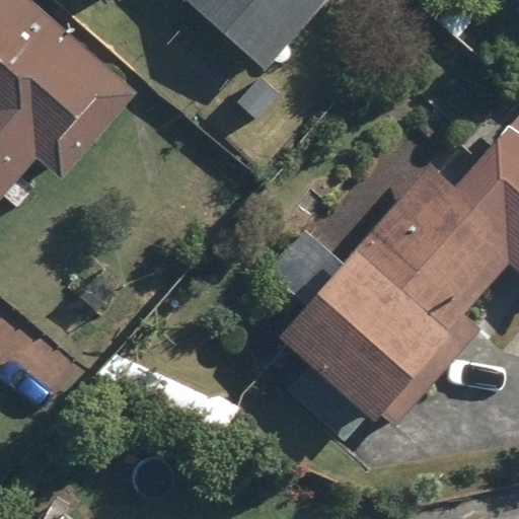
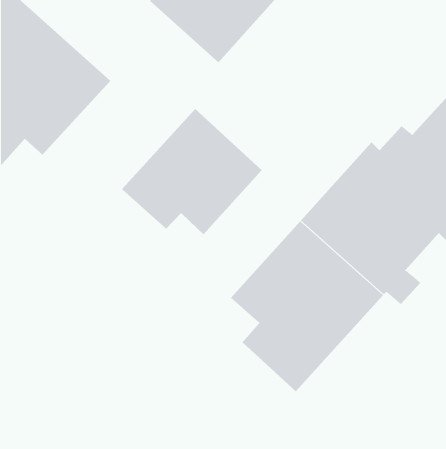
building: none -> [121,108,262,235]

